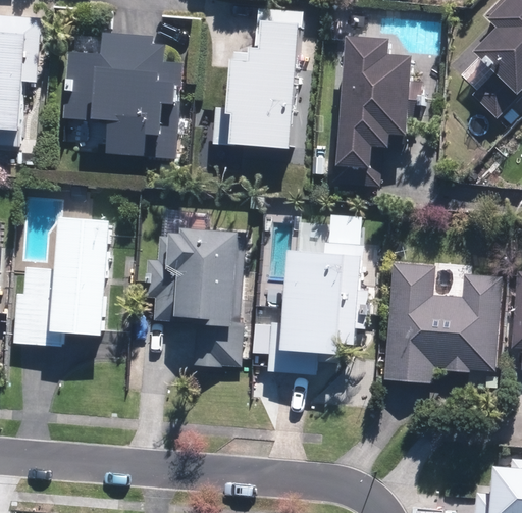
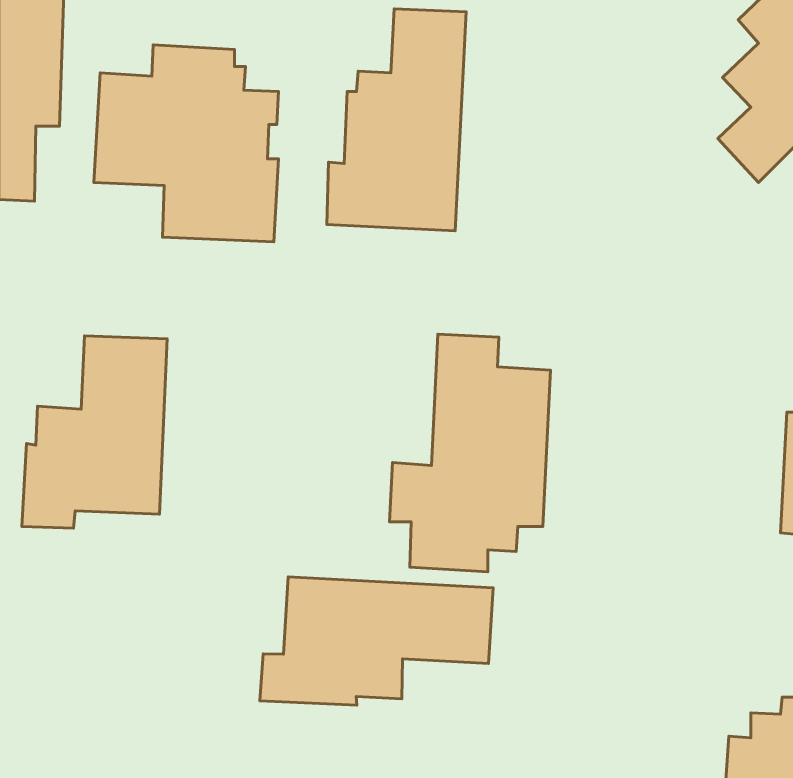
building: [336,35,411,184] -> none
building: [146,206,248,365] -> none
building: [383,261,501,381] -> none
building: none -> [260,577,493,705]

